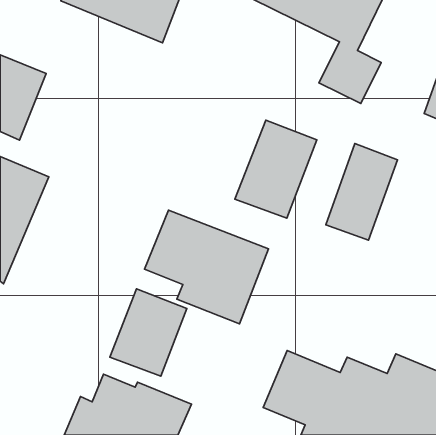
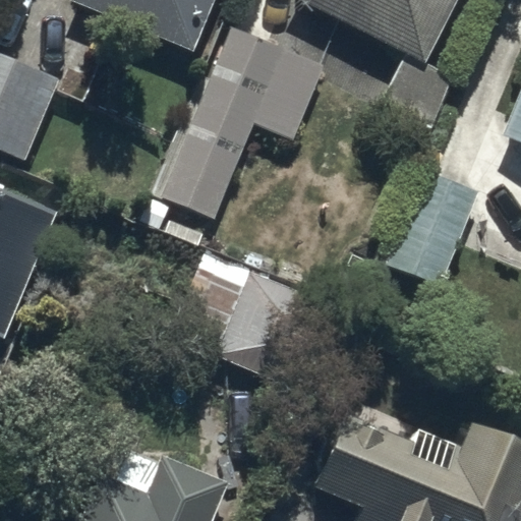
building: none -> [140,32,323,228]
building: [235,120,317,218] -> none
building: [110,289,187,376] -> none

